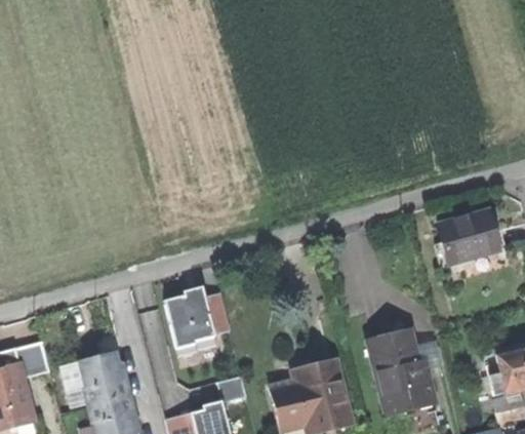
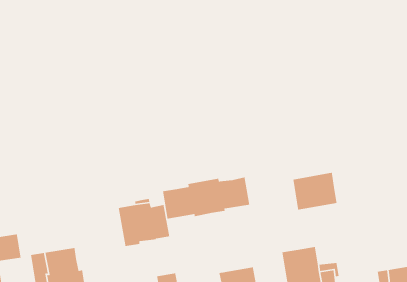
building: [441,211,498,262] -> [292,172,338,211]
building: none -> [162,177,250,219]

